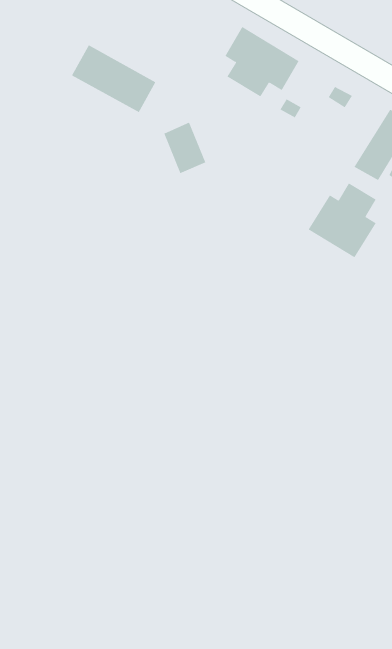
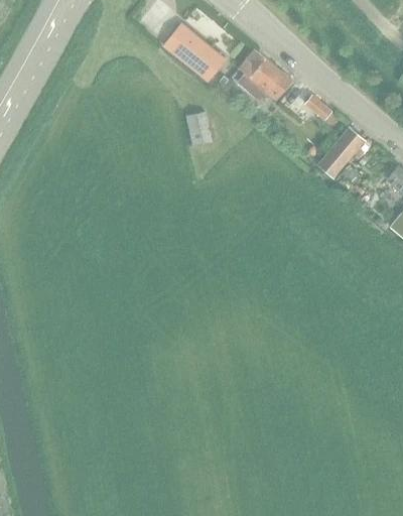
building: [71,45,156,113] -> [163,24,224,80]
building: [308,182,376,258] -> none

